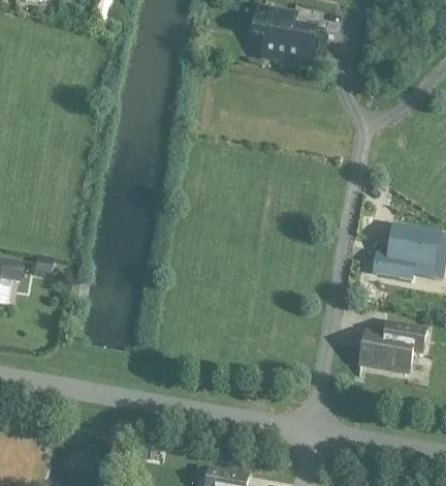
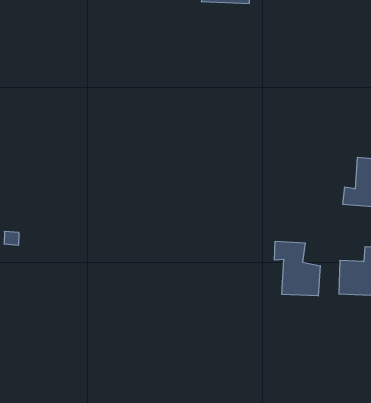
building: none -> [275,241,320,296]

